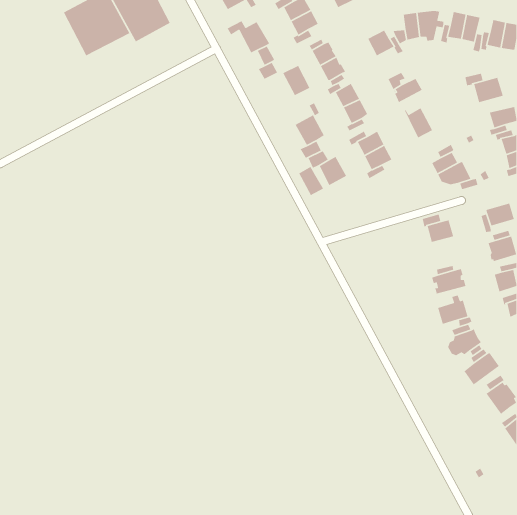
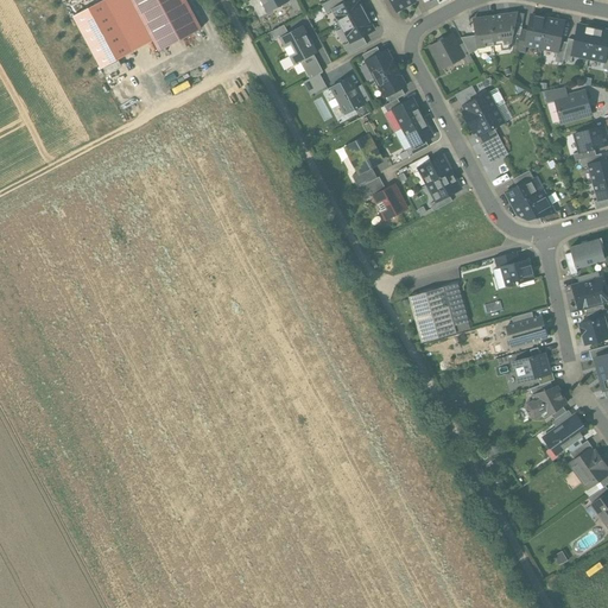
building: none -> [468,106,504,134]
building: [298,166,324,196] -> none
building: none -> [408,281,469,341]

